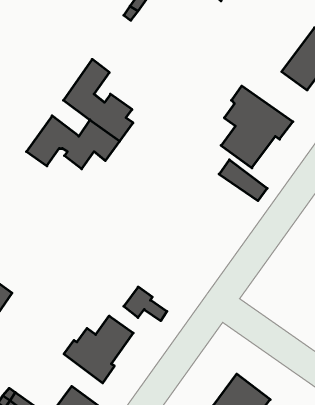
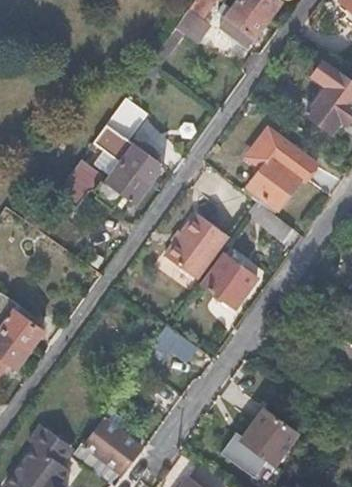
building: none -> [163,213,229,282]
building: none -> [202,255,255,307]
building: [64,316,133,383] -> none

